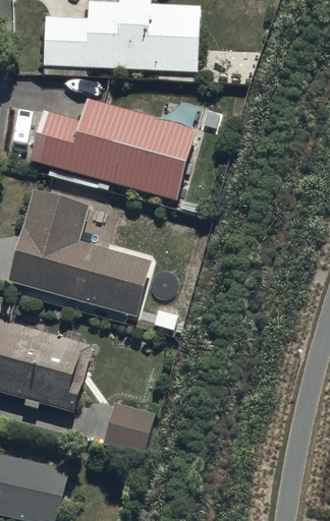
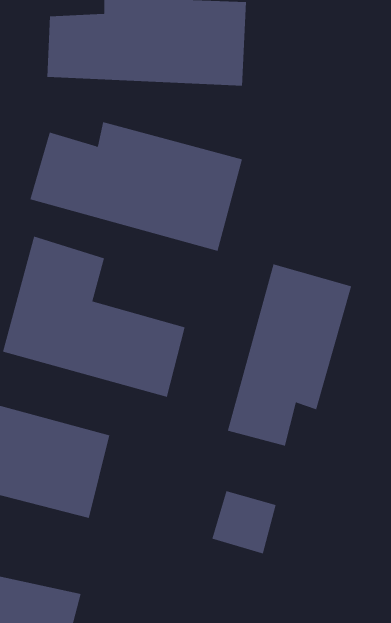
building: none -> [227,263,352,446]
building: [103,403,154,453] -> [211,491,276,554]

